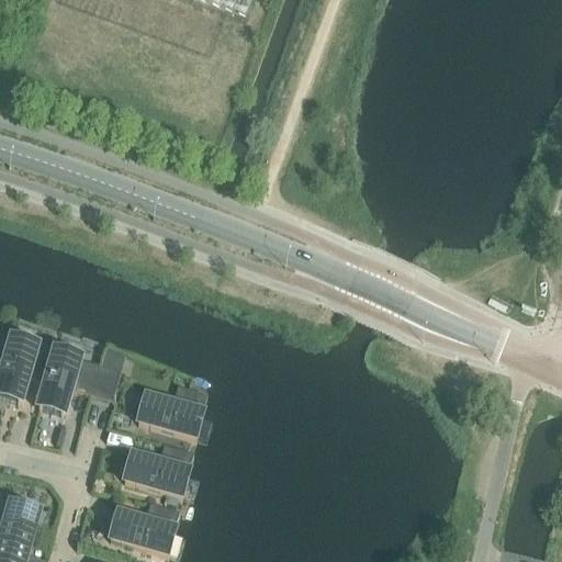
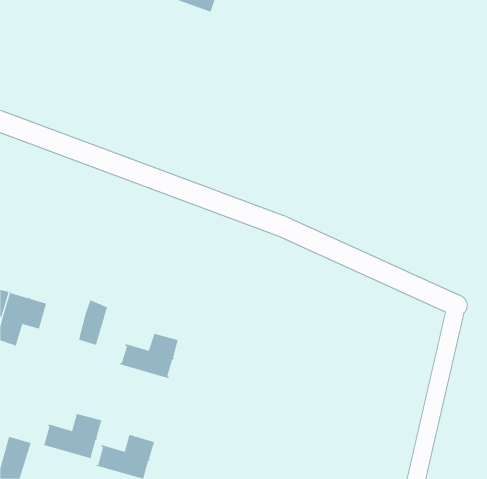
building: [37,347,98,412] -> none
building: [123,441,192,494] -> [42,413,102,459]

